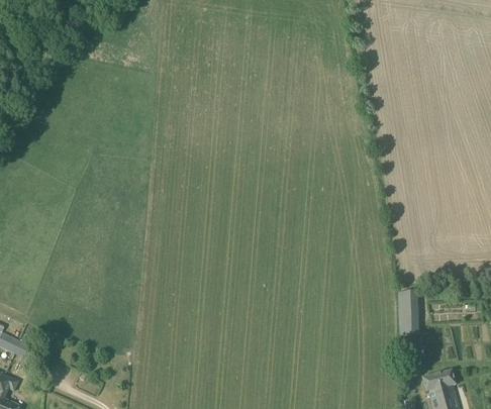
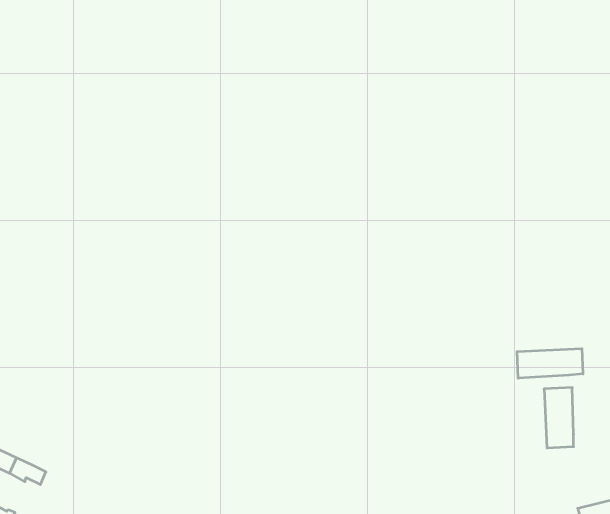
building: none -> [517,349,583,378]

